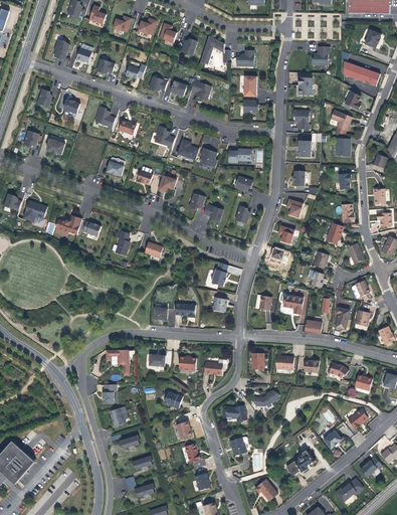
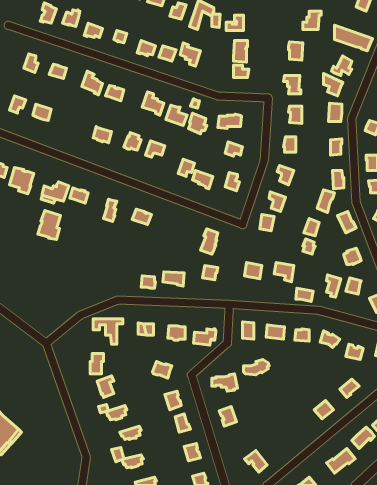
building: none -> [38,211,60,240]
building: [285,449,316,476] -> none

